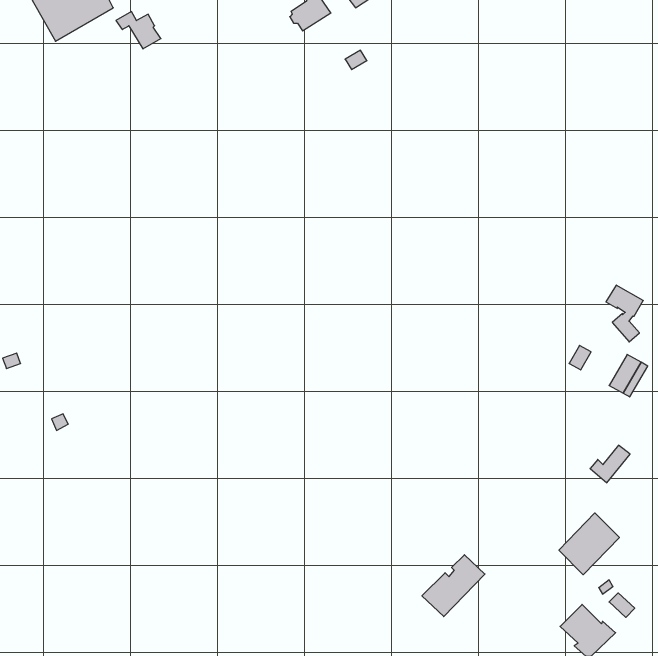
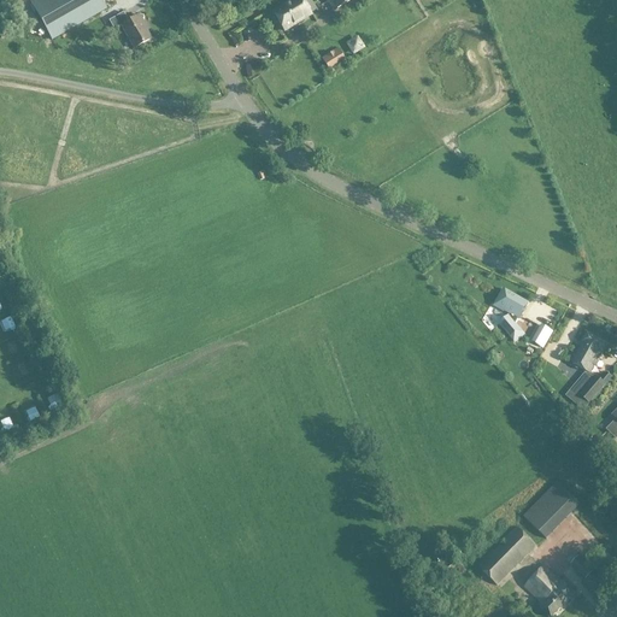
building: [606,285,643,342] -> [494,288,529,341]
building: [590,445,630,483] -> [568,374,605,409]
building: [422,555,485,617] -> [477,525,536,583]

